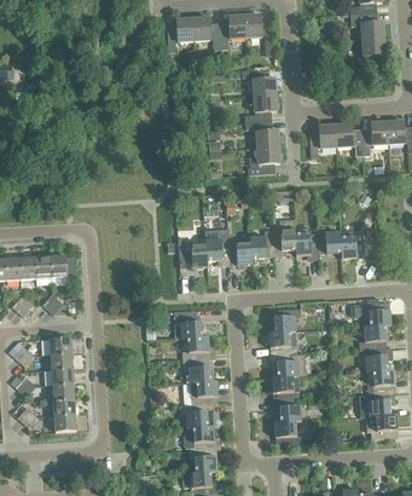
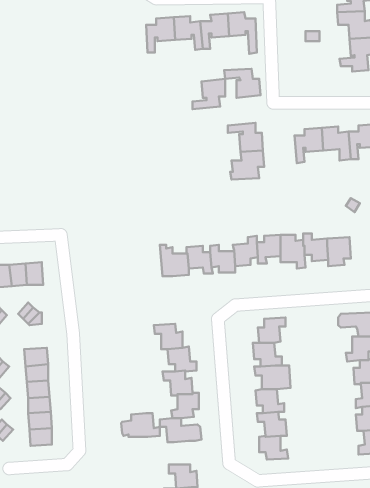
building: [244,93,275,122] -> [193,79,225,109]
building: [182,426,220,449] -> [121,413,160,437]

